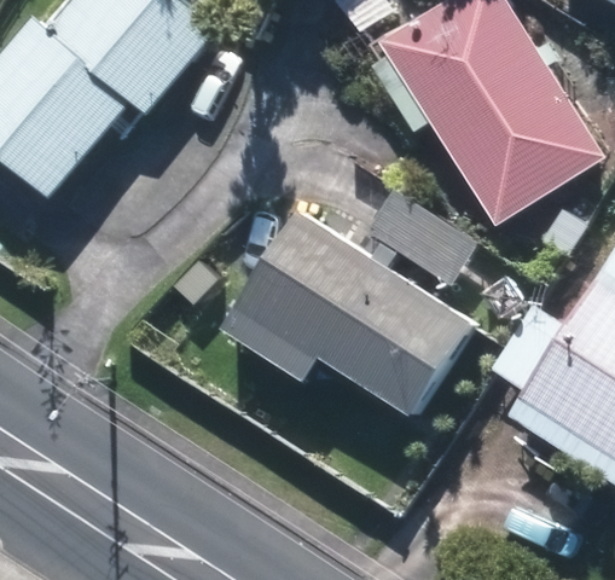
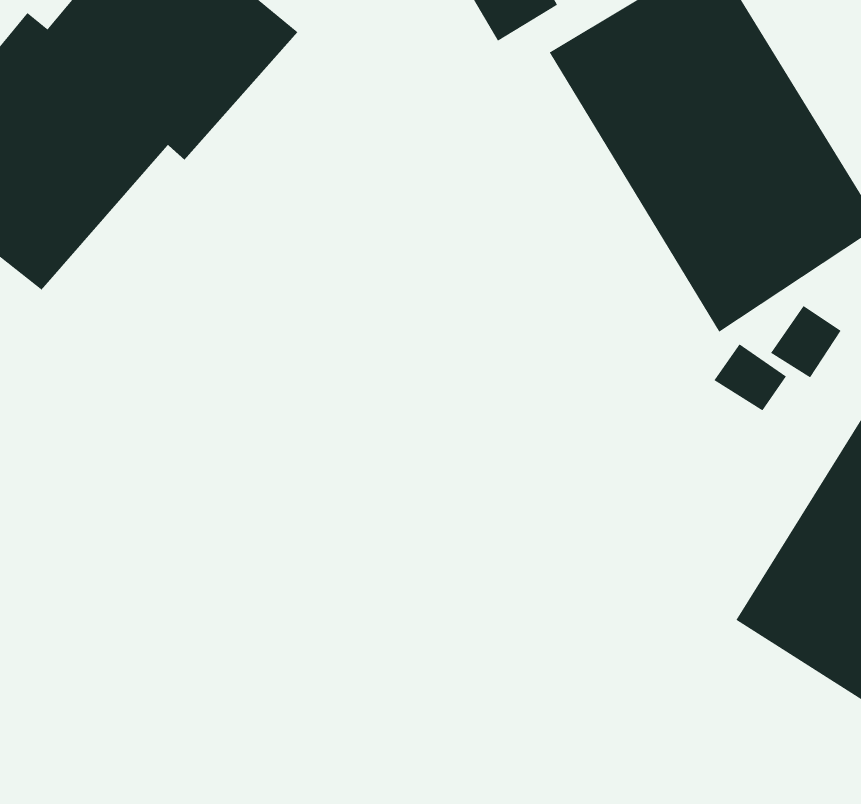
building: [246,211,477,417] -> none

